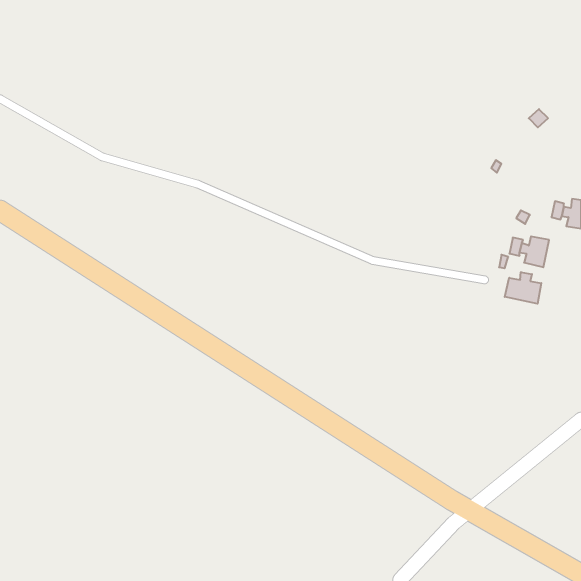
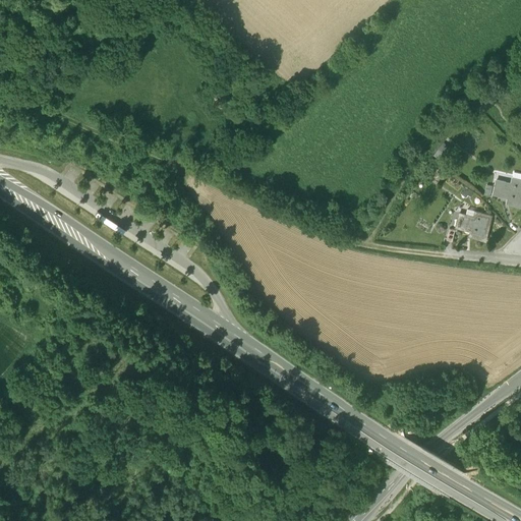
building: [505,272,541,304] -> none

